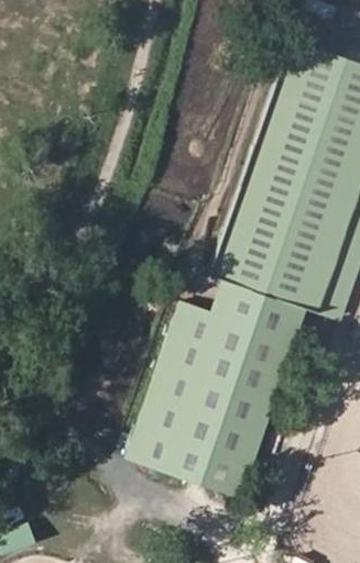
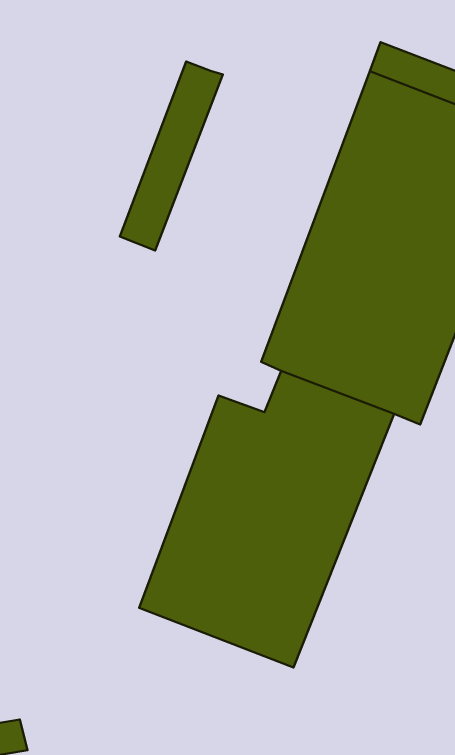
building: none -> [120,62,223,250]

